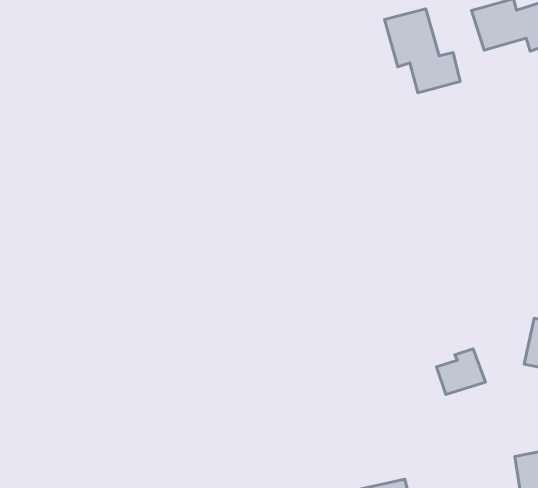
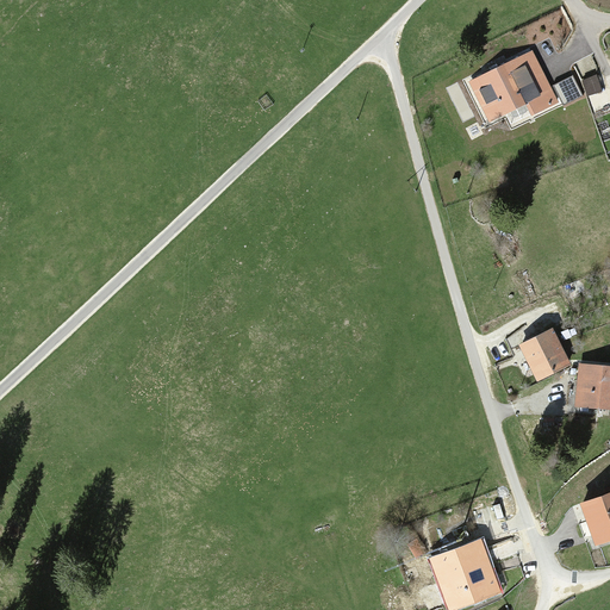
building: [384,9,460,93] -> none
building: [437,349,485,395] -> [522,332,571,380]

